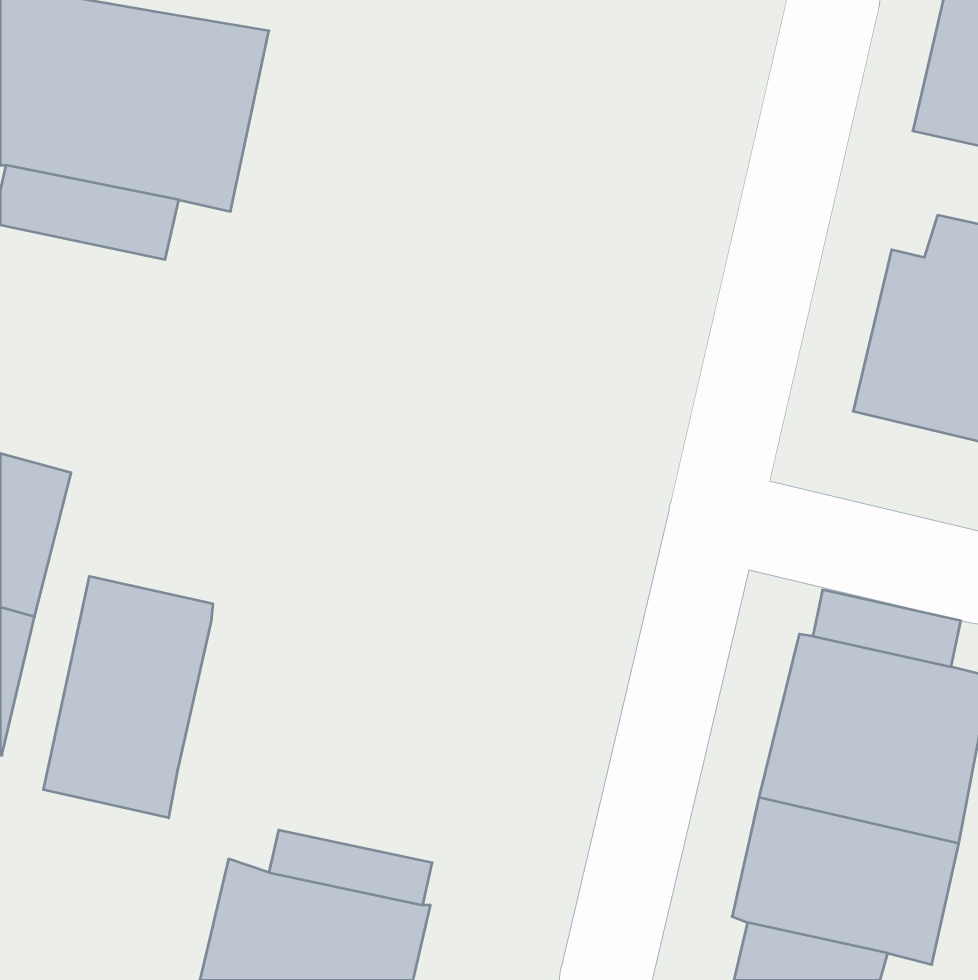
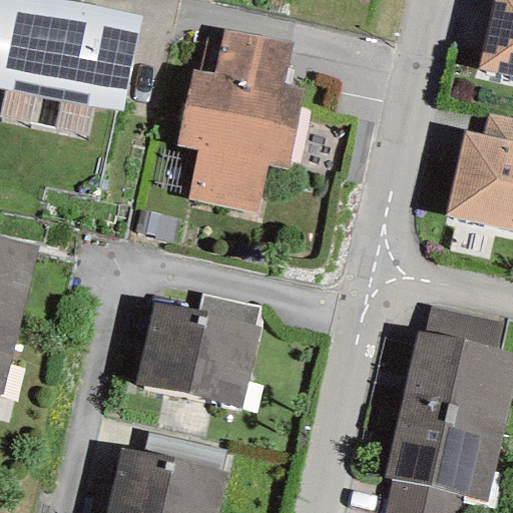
building: none -> [177,29,304,212]
building: none -> [135,295,261,407]
building: [43,576,213,818] -> none

